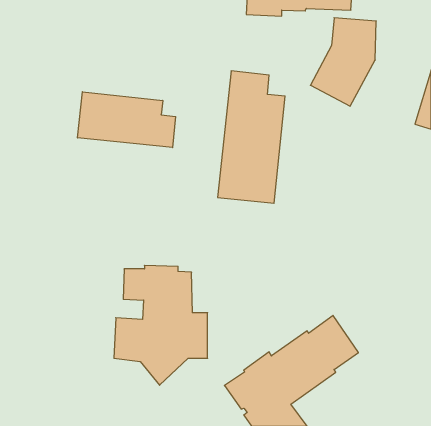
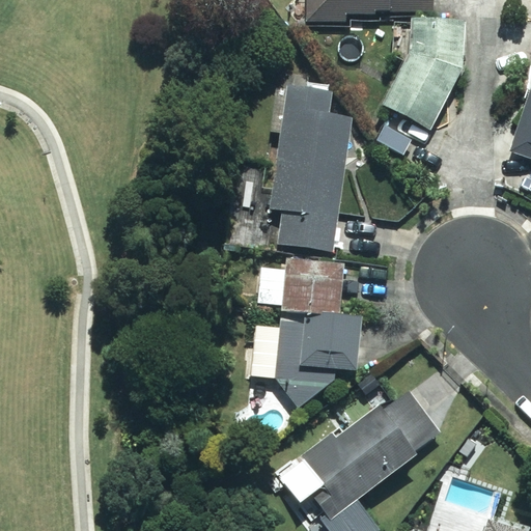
building: [78,92,176,148] -> none
building: [114,265,208,385] -> [245,261,360,409]

